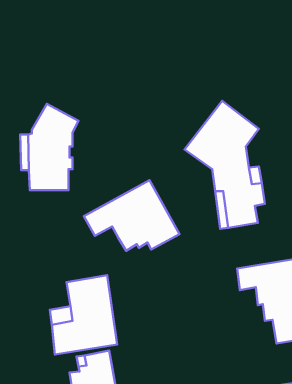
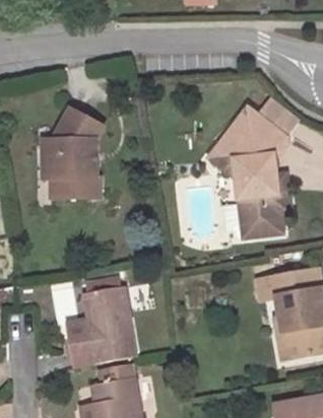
building: [84,180,180,251] -> none
building: none -> [272,315,303,358]

